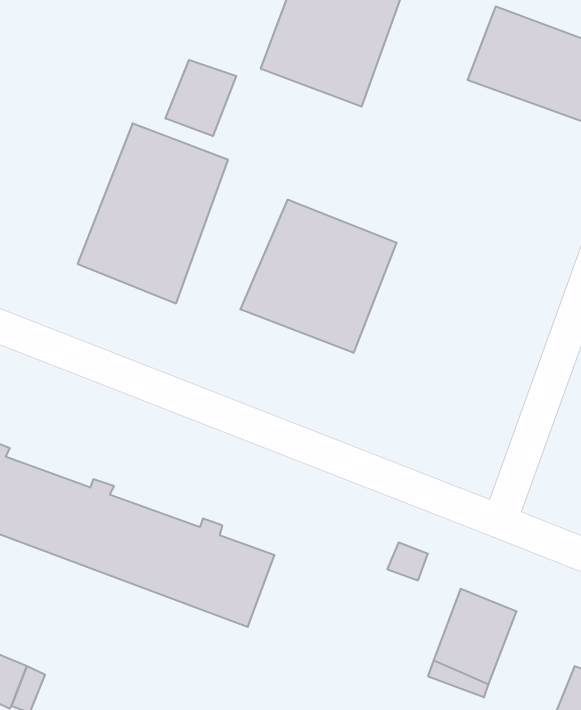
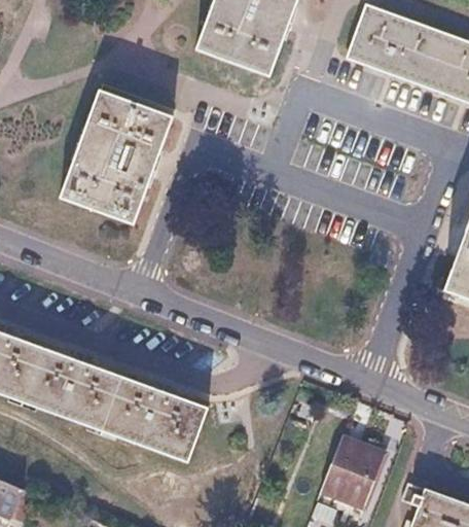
building: [165,60,236,136] -> none
building: [240,200,397,353] -> none

